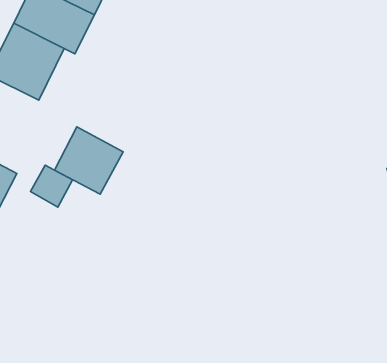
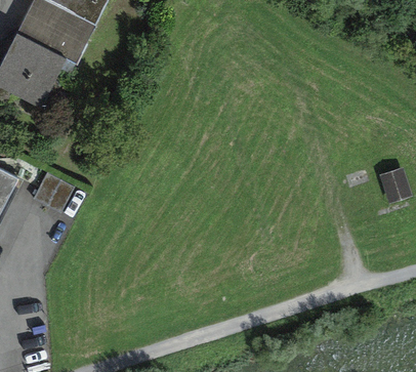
building: [54,127,123,194] -> none

